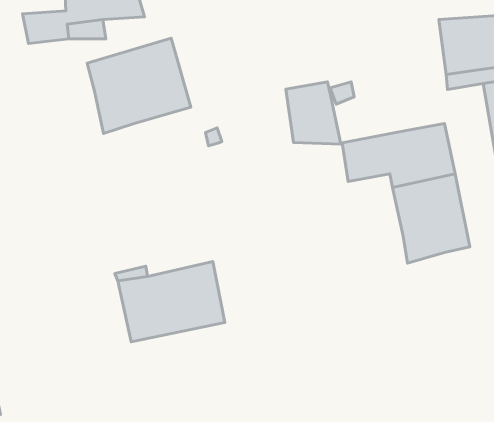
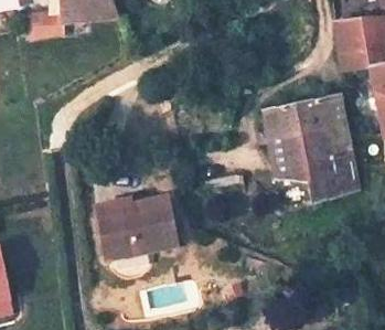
building: [87,38,191,134] -> none
building: [286,82,341,144] -> [268,134,309,180]

